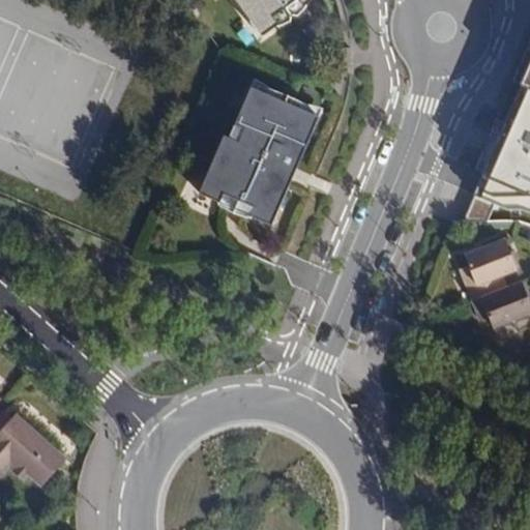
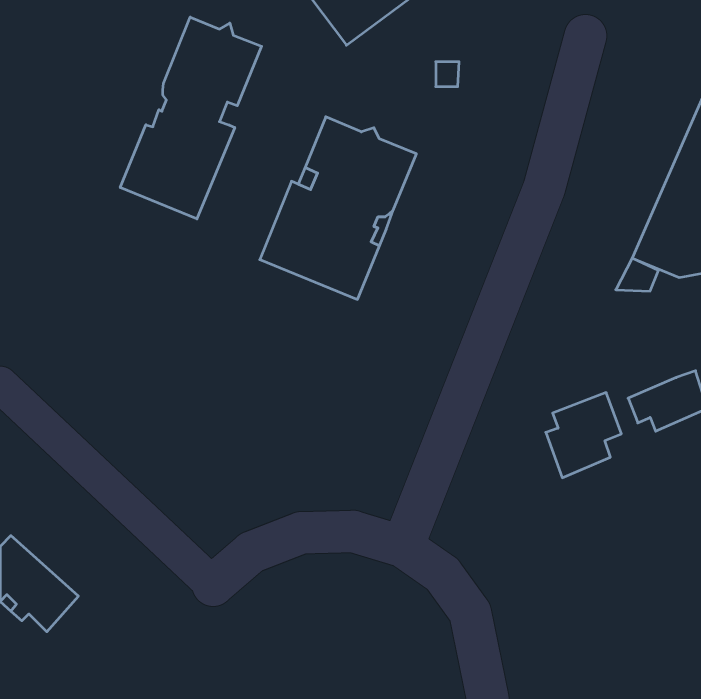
building: none -> [120,17,262,219]
building: [462,236,519,300] -> [546,393,621,478]

